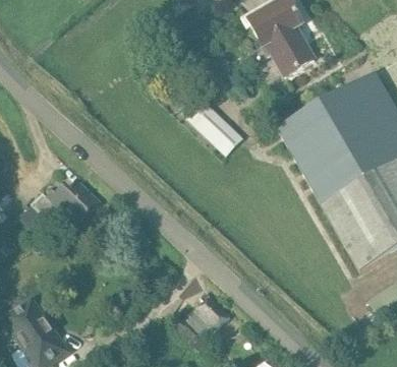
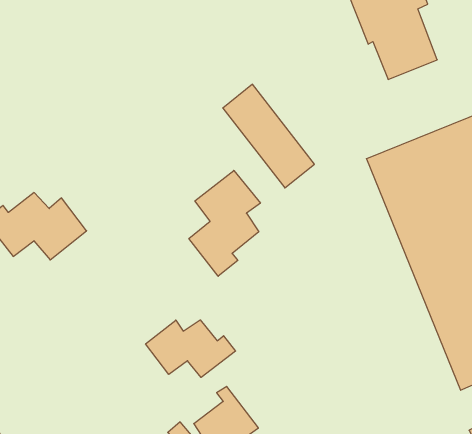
building: none -> [189,170,260,276]
building: none -> [146,320,236,377]

